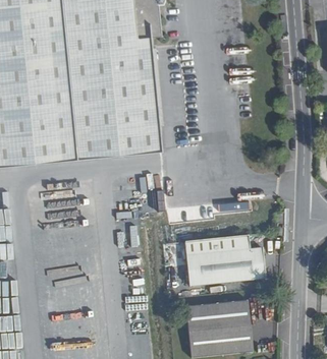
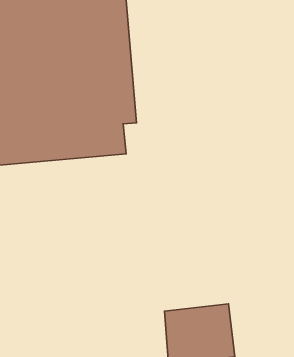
building: [185,233,266,286] -> none

